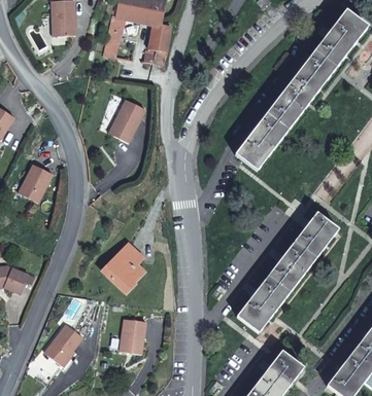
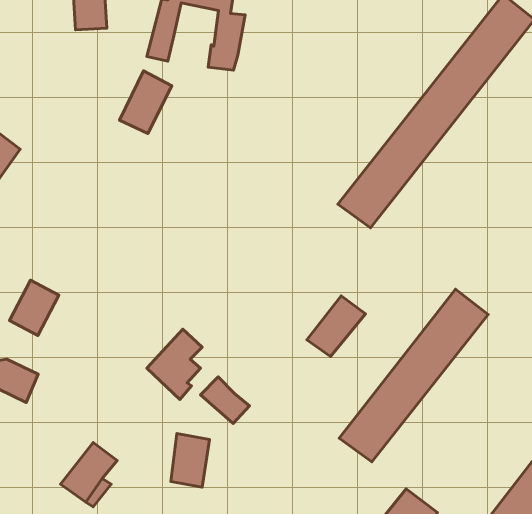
building: [107,97,143,140] -> [120,71,172,134]
building: [18,164,52,202] -> [10,280,59,335]
building: none -> [307,296,366,357]
building: none -> [201,377,249,423]

